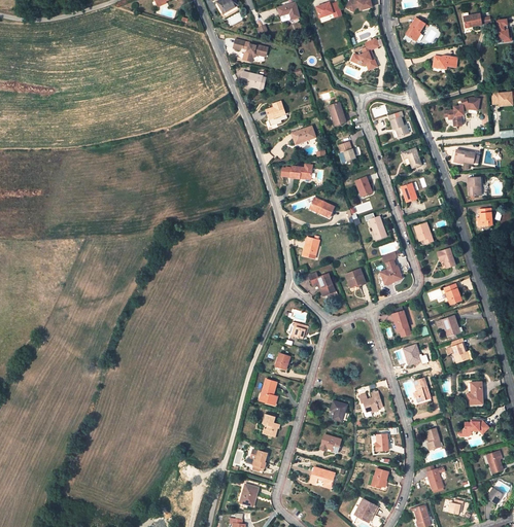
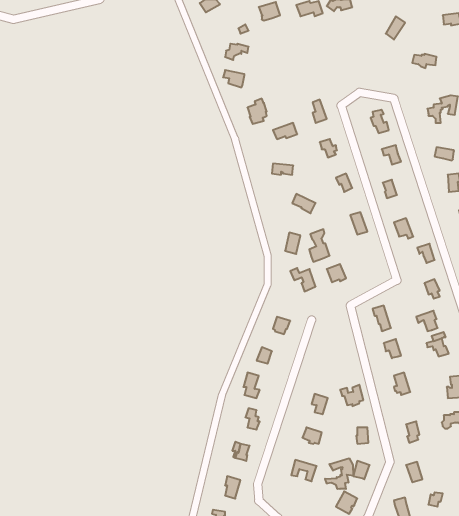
building: [349,38,378,69] -> none
building: [380,251,401,284] -> [309,229,330,262]
building: none -> [325,458,353,489]

